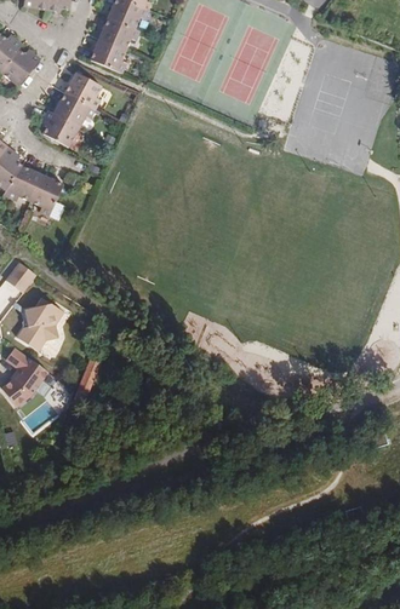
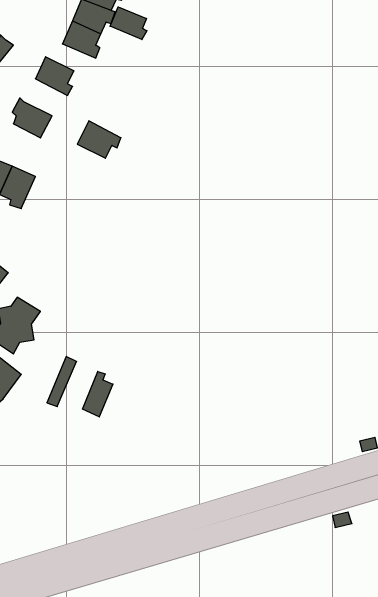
building: none -> [110,7,147,40]
building: [52,93,93,128] -> [77,121,121,158]
building: none -> [82,371,113,417]

